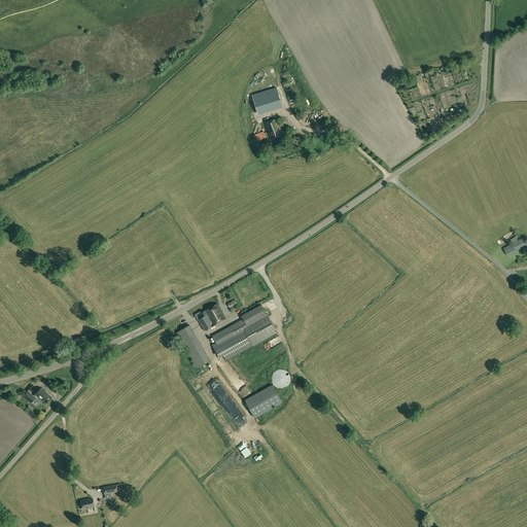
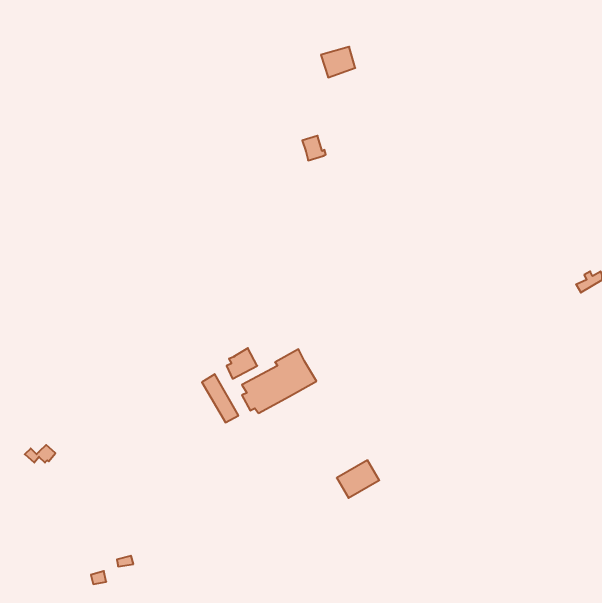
building: [251,87,281,114] -> [321,47,355,77]
building: [244,385,281,418] -> [337,460,379,498]

